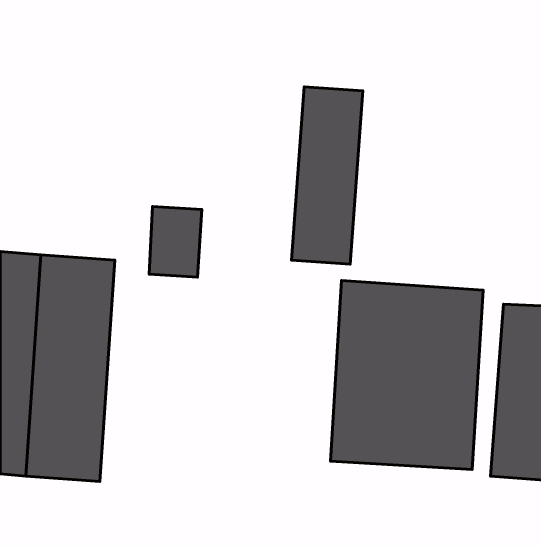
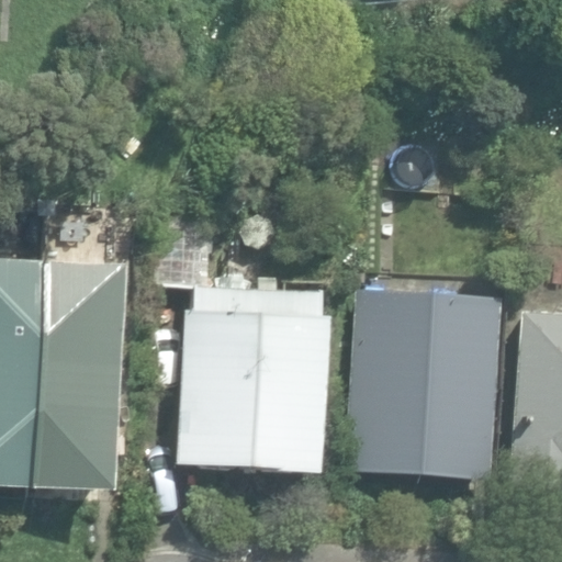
building: [292,87,363,264] -> none
building: none -> [177,286,328,473]

